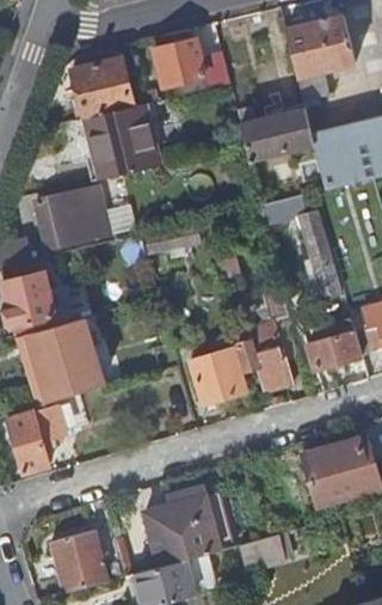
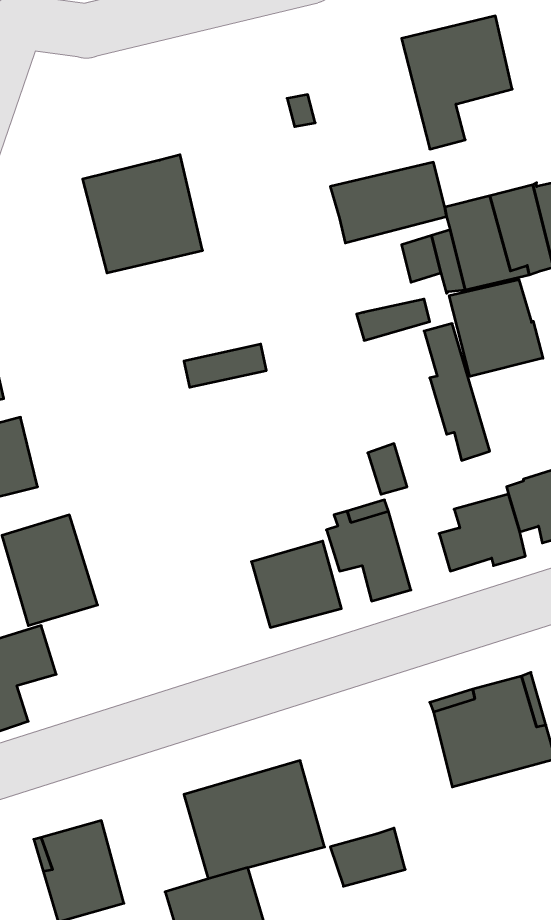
building: [153,39,203,85] -> none
building: [70,56,131,118] -> none
building: none -> [449,279,543,376]
building: [36,183,136,249] -> none

